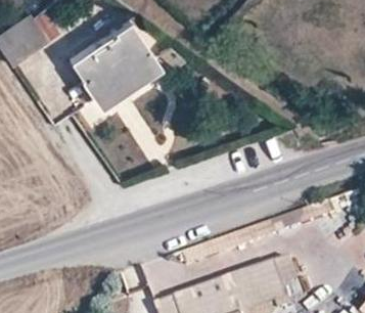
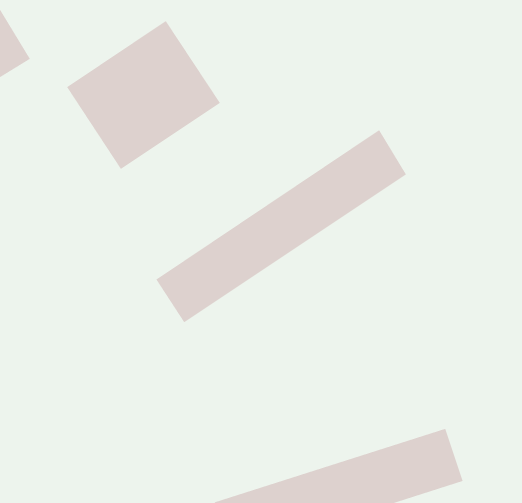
building: none -> [155,129,407,323]

